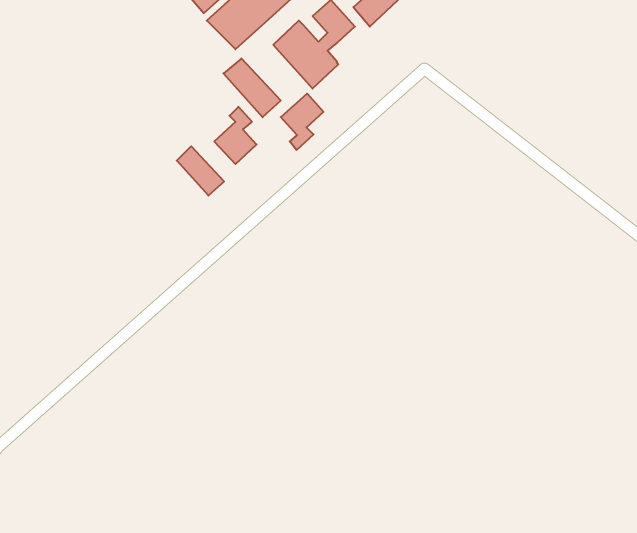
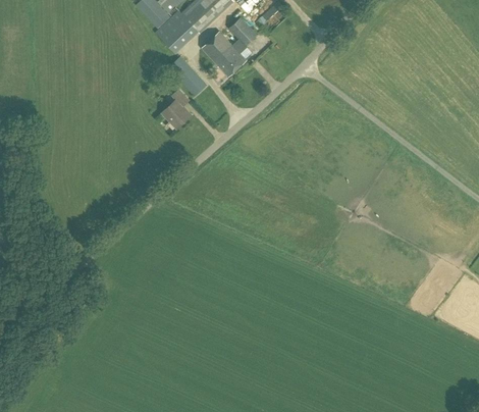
building: [281,94,323,150] -> none
building: [177,146,224,196] -> none

